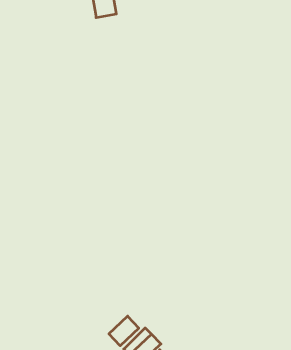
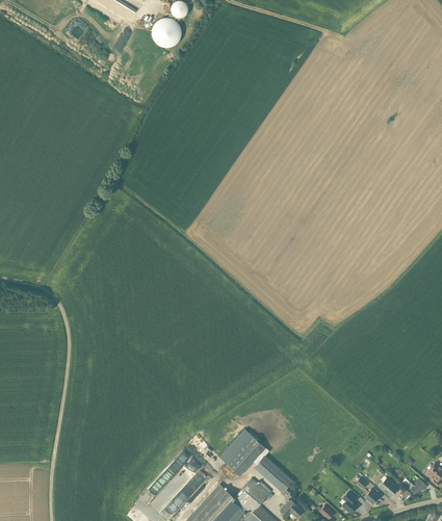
building: [109,316,139,346] -> none

